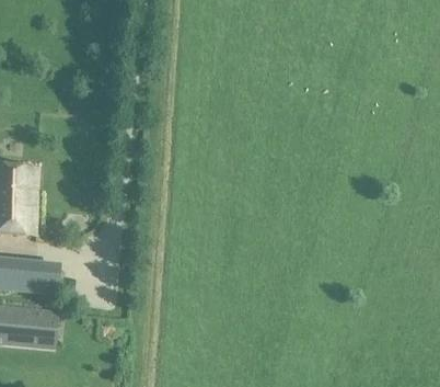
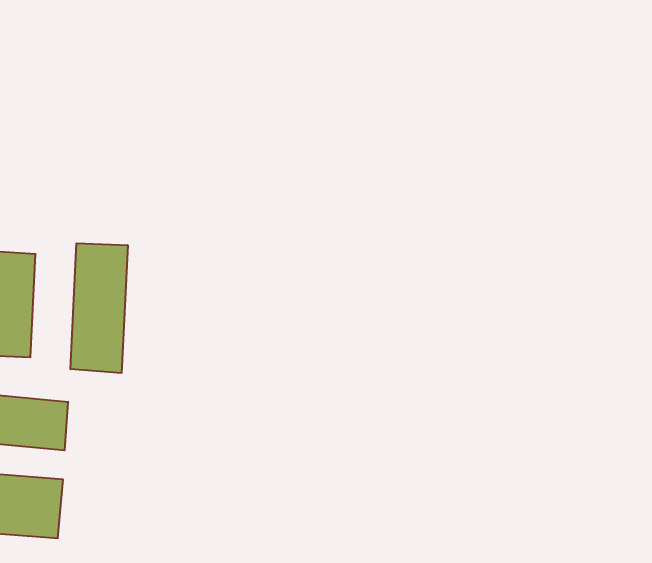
building: none -> [71,243,128,373]

